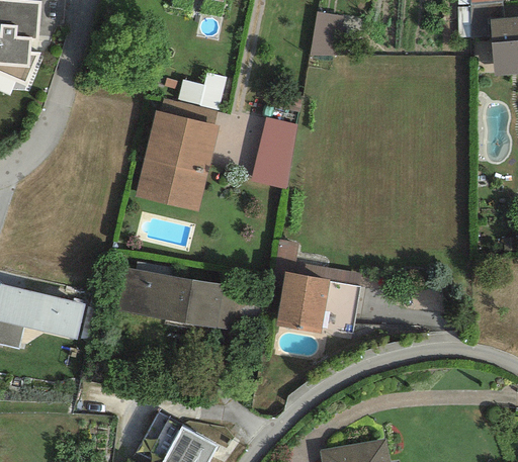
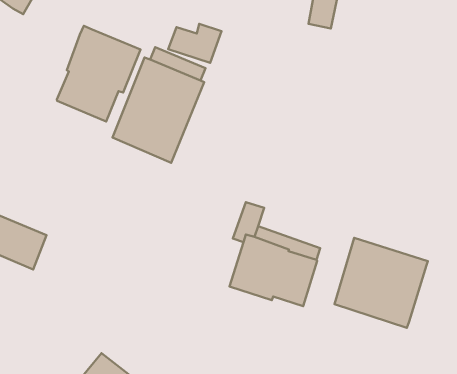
building: none -> [57,26,141,122]
building: [250,117,296,189] -> none
building: none -> [334,238,428,328]
building: [116,268,237,330] -> none

